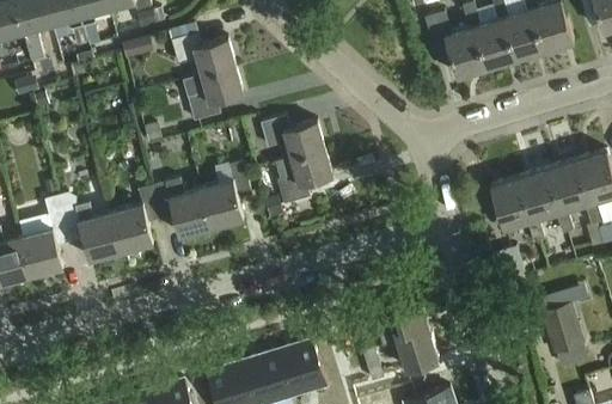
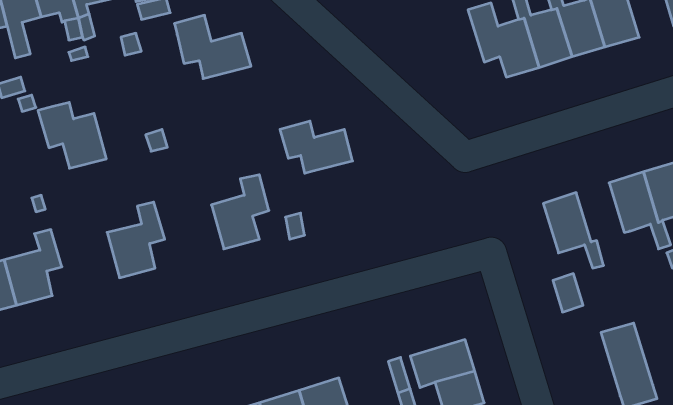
building: [182,68,243,122] -> none
building: [276,151,332,206] -> none
building: [519,170,573,235] -> none
building: [151,179,212,235] -> none
building: [61,203,121,261] -> [38,102,106,168]

